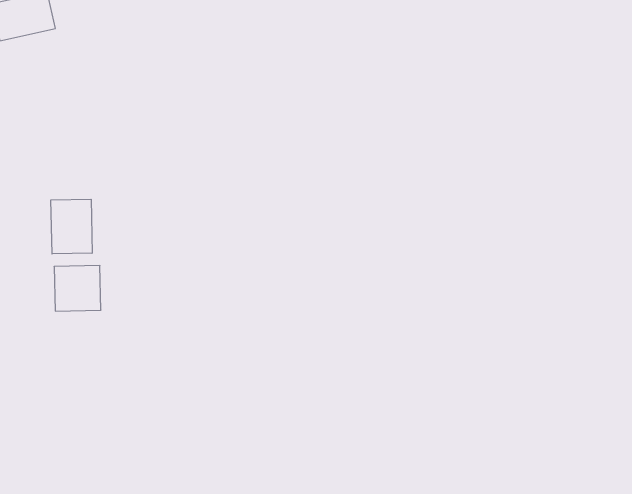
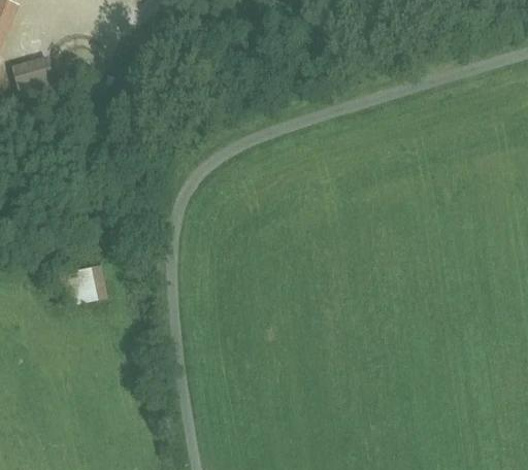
building: [51,199,92,254] -> none

